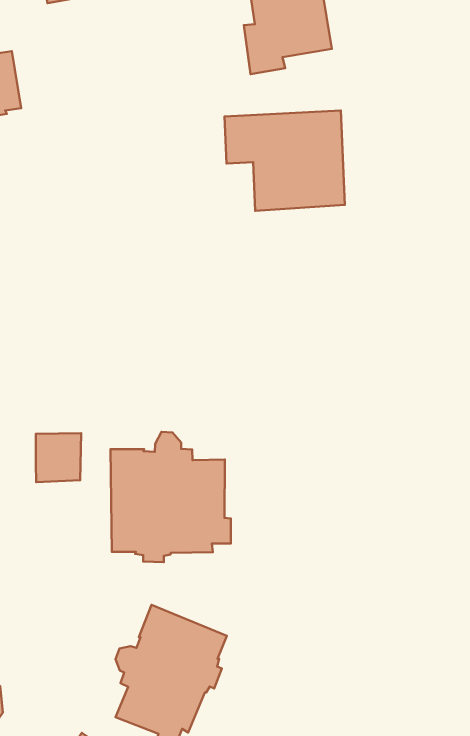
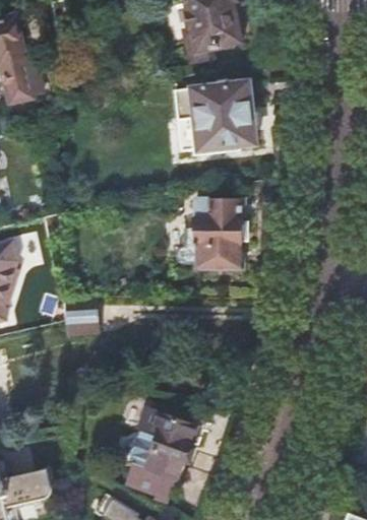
building: none -> [194,199,246,267]
building: [110,432,231,562] -> none

